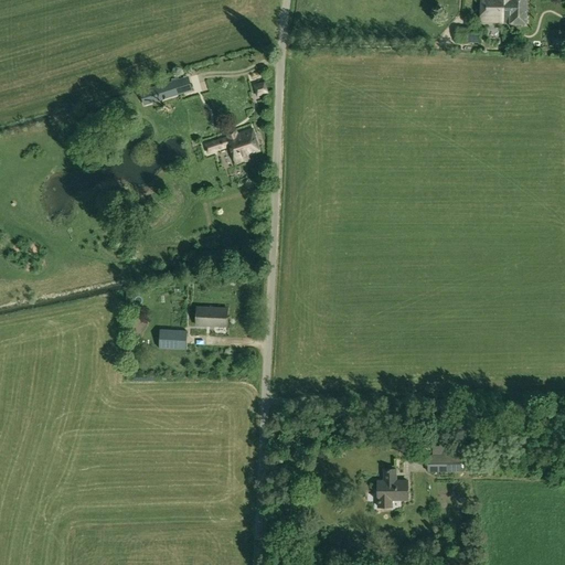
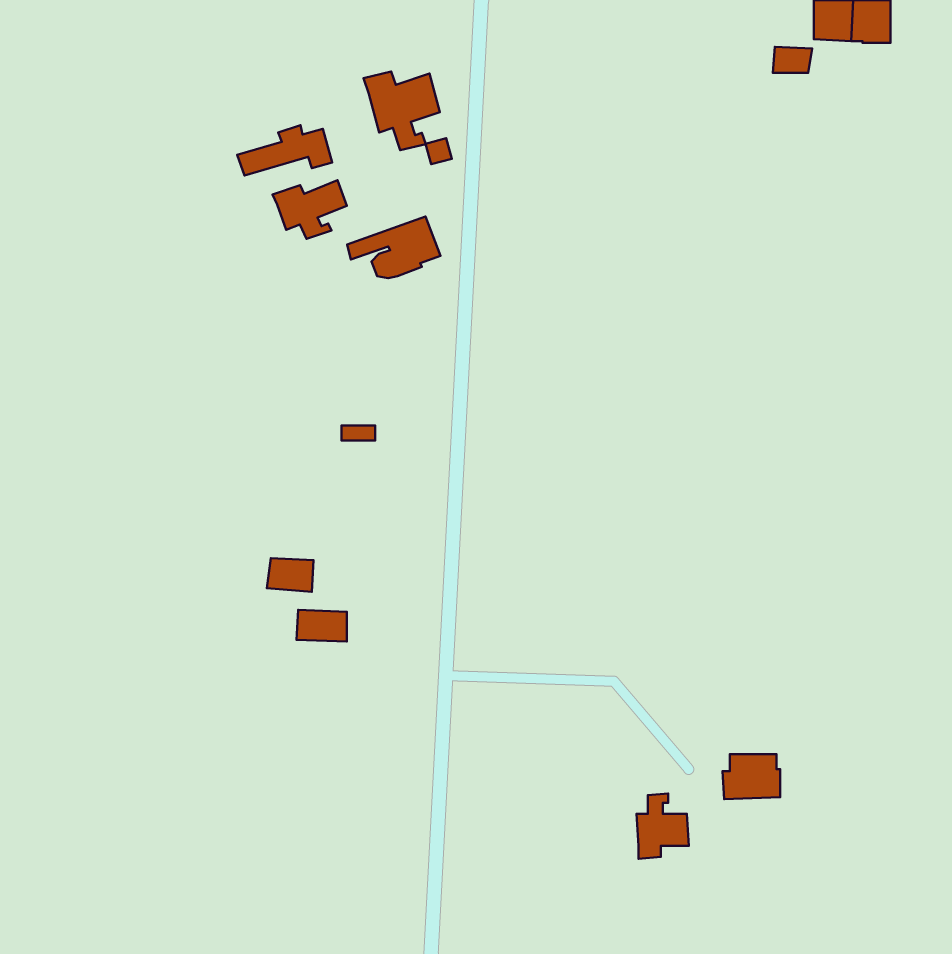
building: none -> [363,71,440,150]
building: none -> [273,180,347,239]
building: [196,308,226,327] -> [296,610,347,642]

